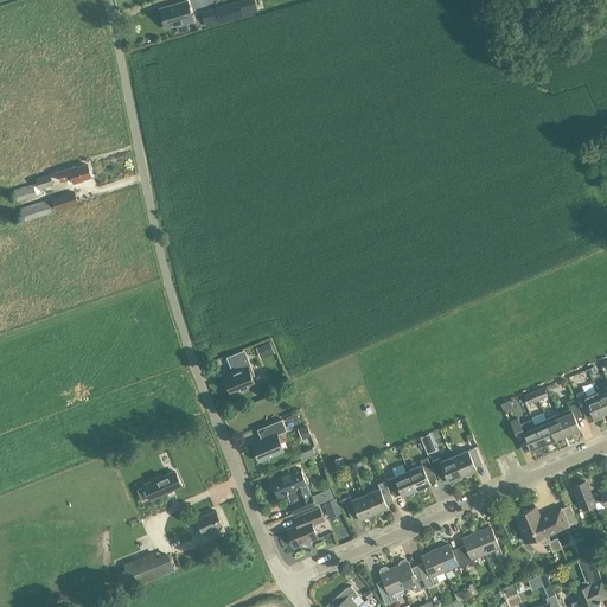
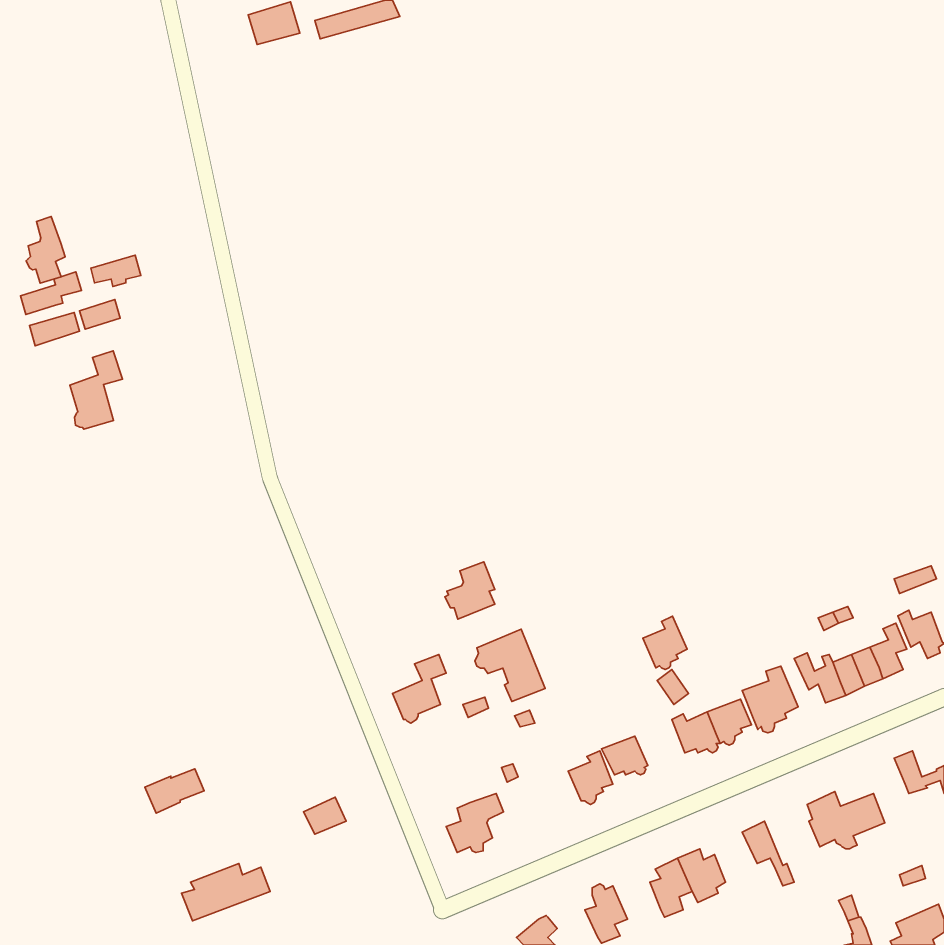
building: none -> [26,217,65,283]
building: none -> [70,351,123,429]
building: [222,358,254,395] -> [445,562,495,619]
building: none -> [742,666,798,733]
building: [407,458,435,492] -> [643,616,687,670]
building: [269,468,314,515] -> [475,629,545,701]
building: [142,473,180,501] -> [145,769,204,813]
building: [341,494,372,520] -> none
building: [458,533,485,568] -> none
building: [392,560,426,593] -> none

